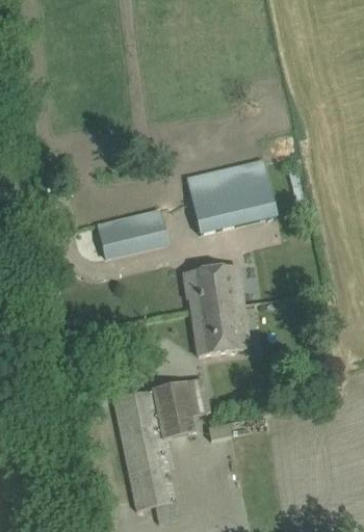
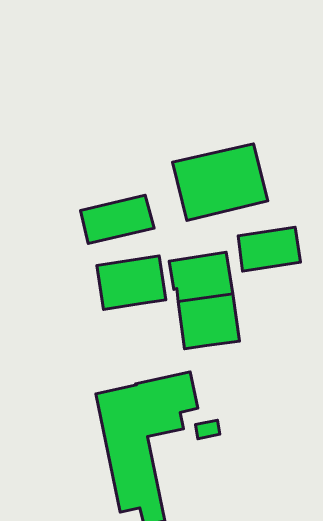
building: none -> [238,227,300,271]
building: none -> [97,256,166,310]

